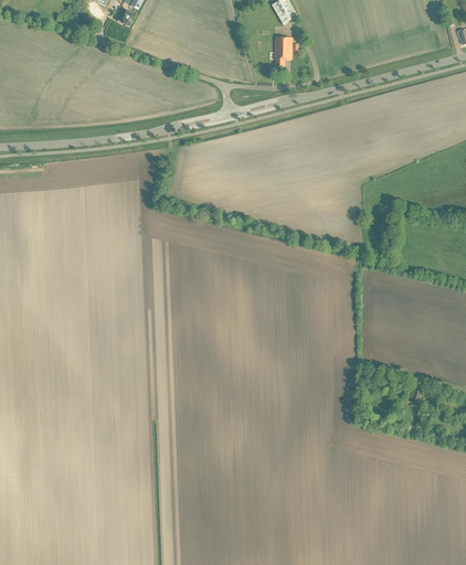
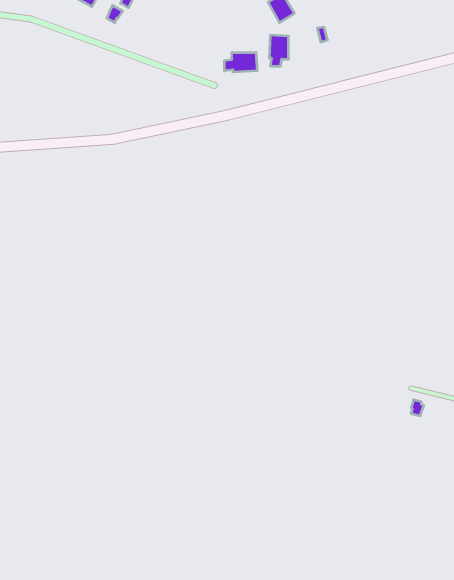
building: none -> [225,52,257,72]

